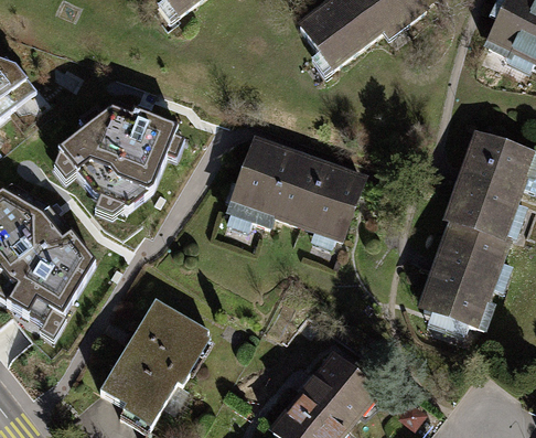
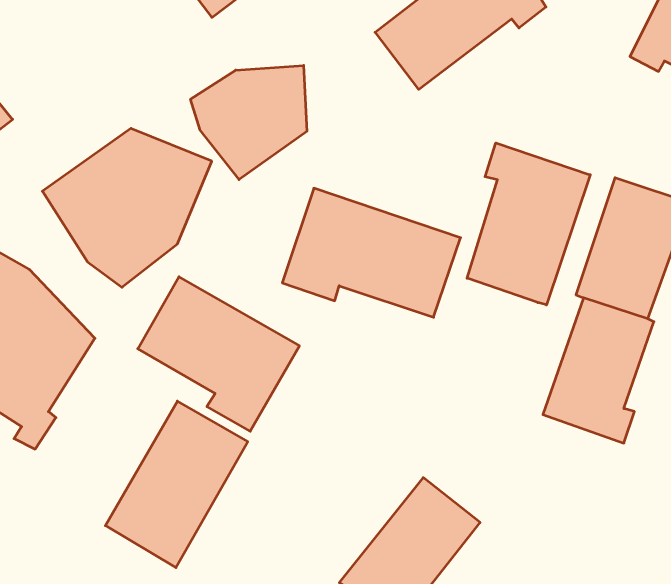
building: none -> [191,65,307,180]
building: none -> [467,143,590,305]
building: none -> [138,277,299,431]

